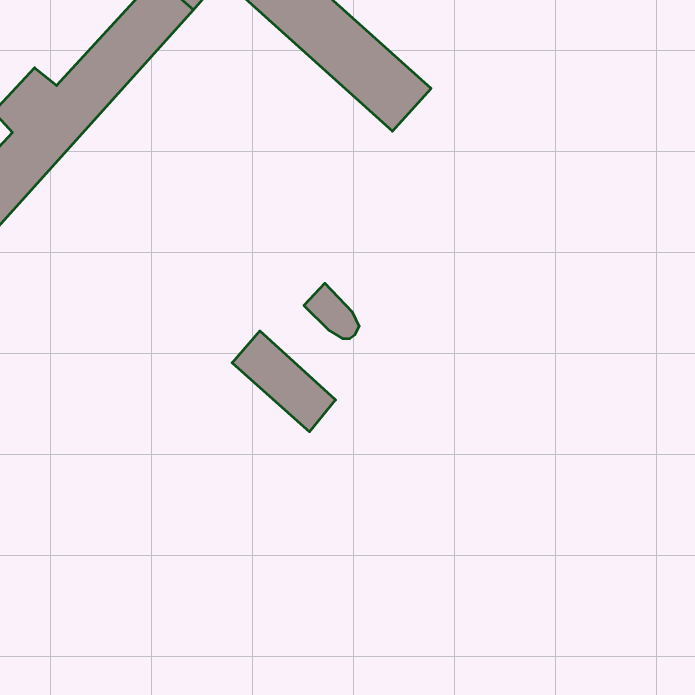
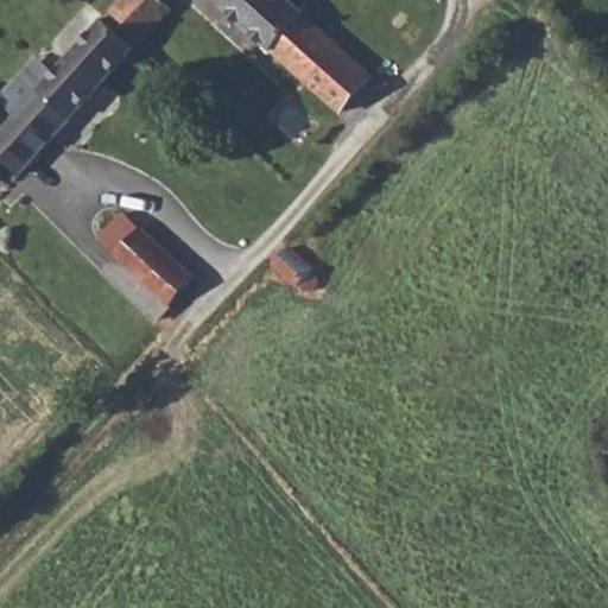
building: [232,331,336,432] -> [96,211,185,298]

